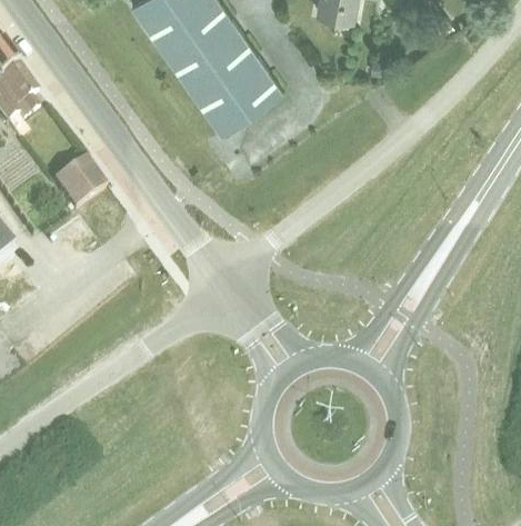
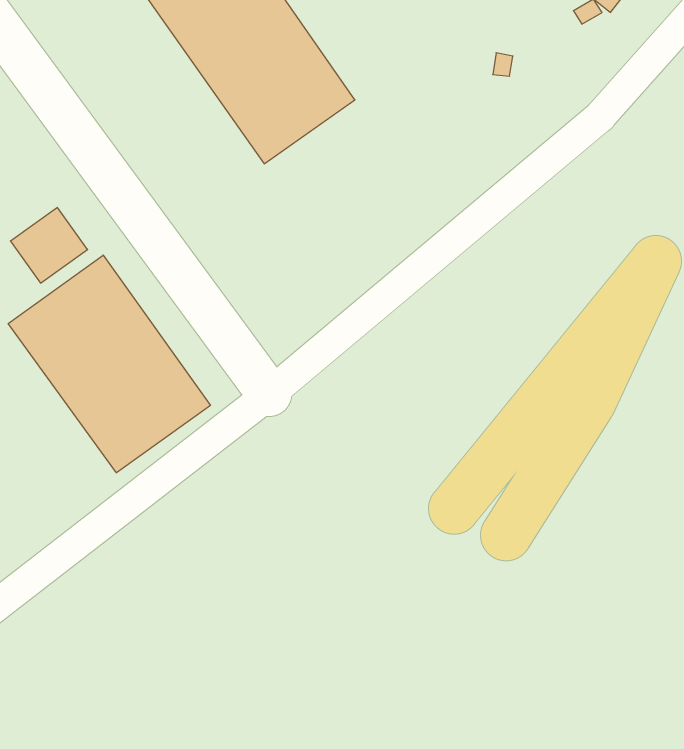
building: none -> [8,255,210,473]

